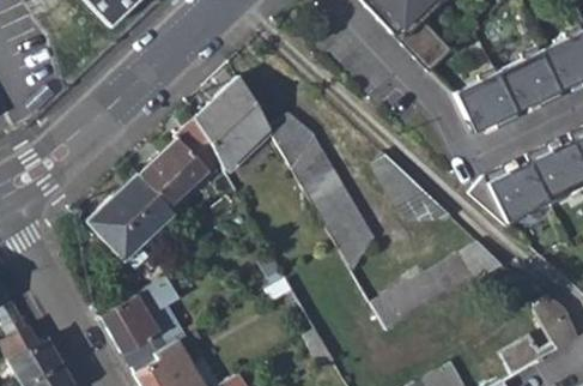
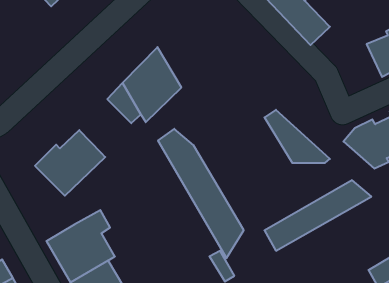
building: [456,67,522,132] -> none
building: [269,110,376,271] -> [158,129,244,258]
building: [140,139,207,206] -> none

